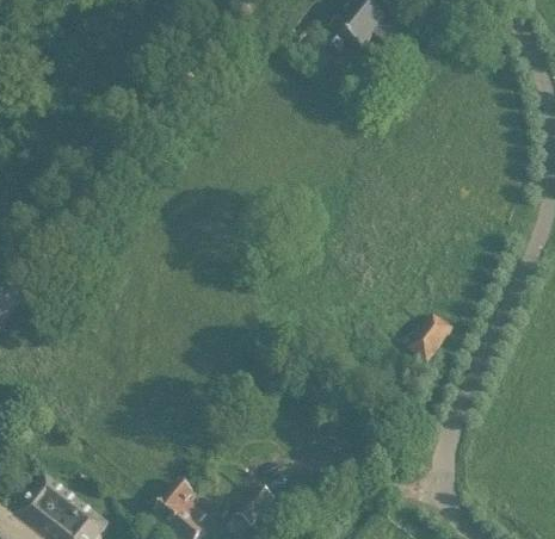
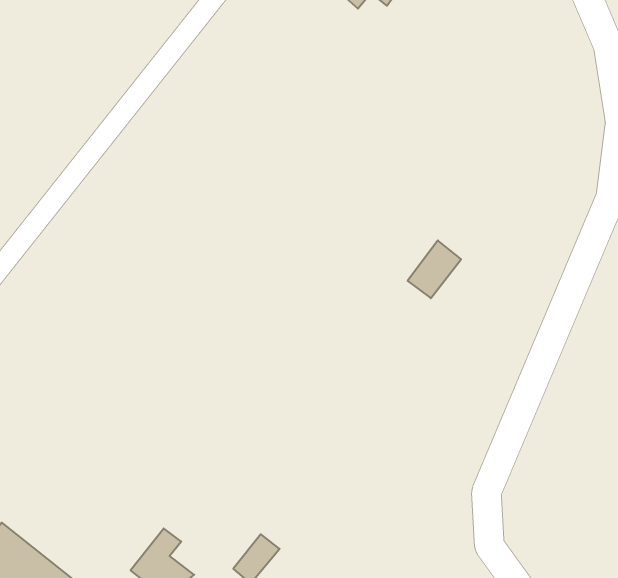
building: [408,312,452,360] -> [408,240,461,298]

